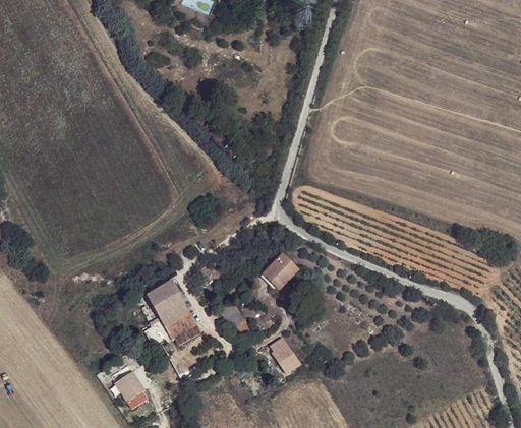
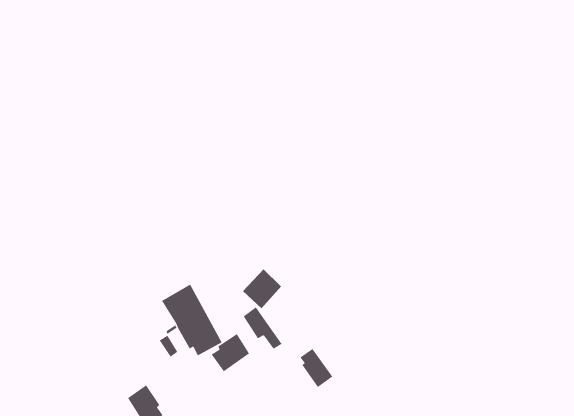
building: [263,253,298,290] -> [242,268,282,309]
building: none -> [211,333,250,372]

